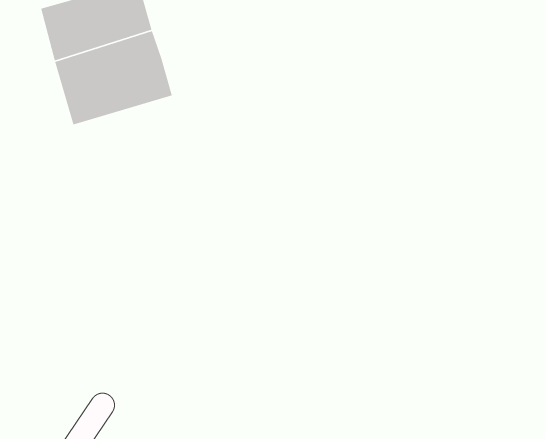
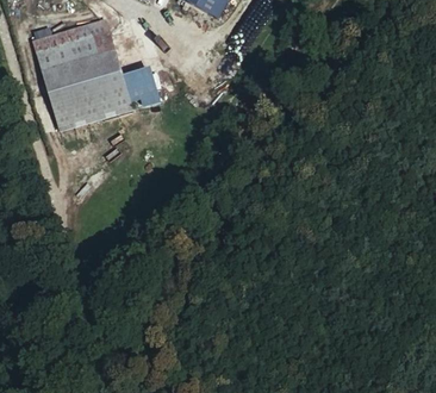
building: none -> [125,71,161,108]

